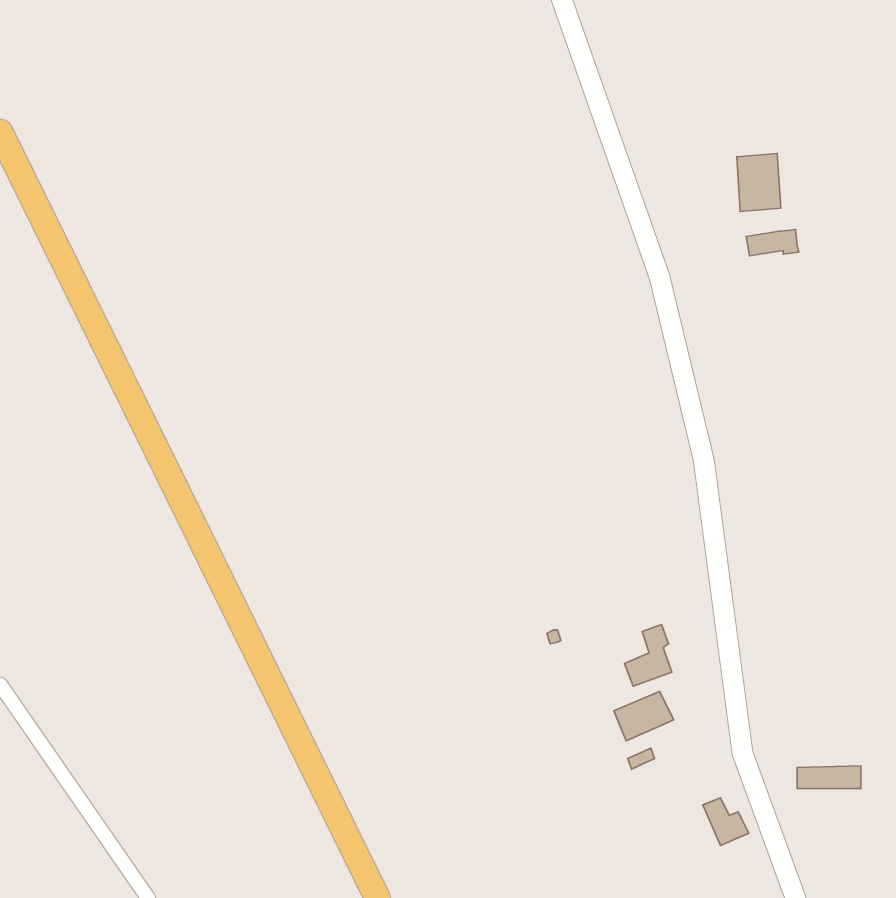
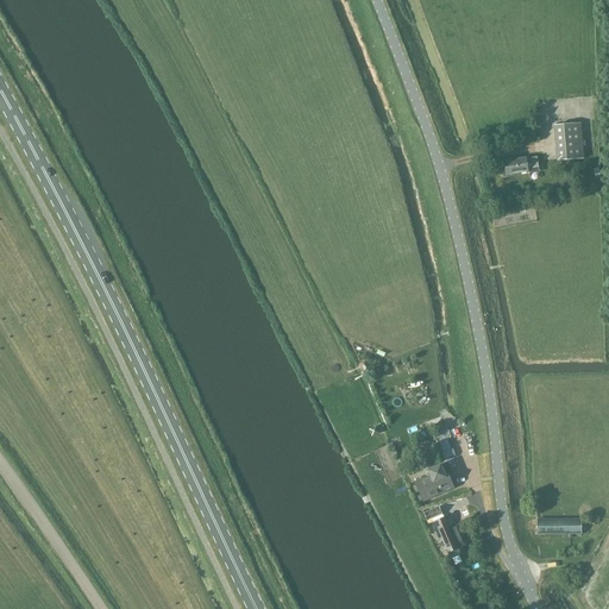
building: [737,153,781,212] -> [557,120,586,159]
building: [703,798,749,845] -> [434,515,465,547]

